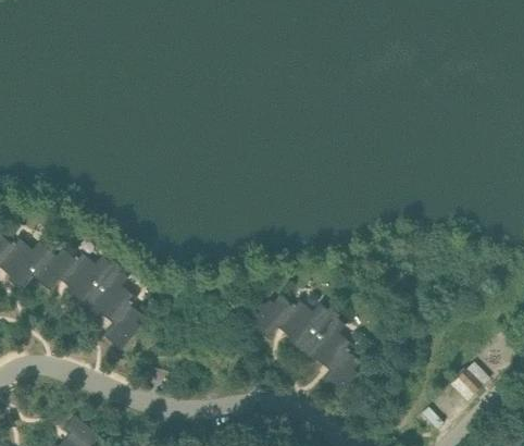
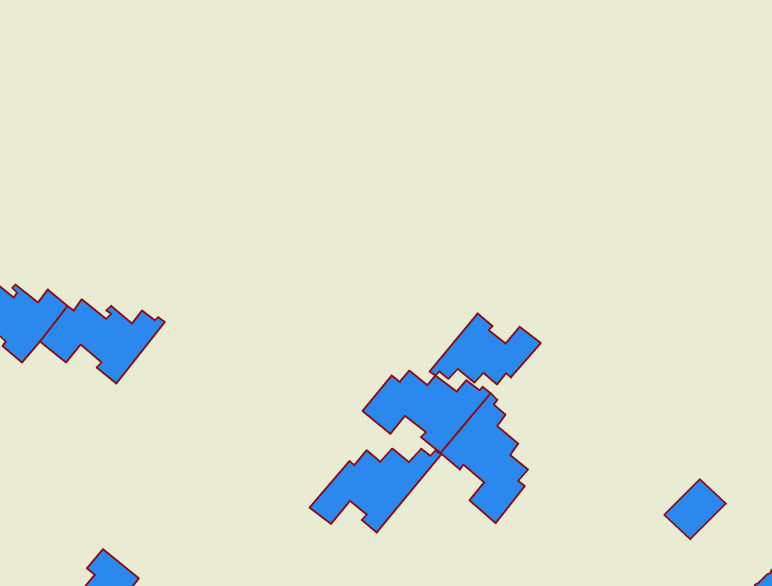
building: none -> [430,313,541,384]
building: [84,262,142,349] -> none
building: none -> [310,449,442,533]

